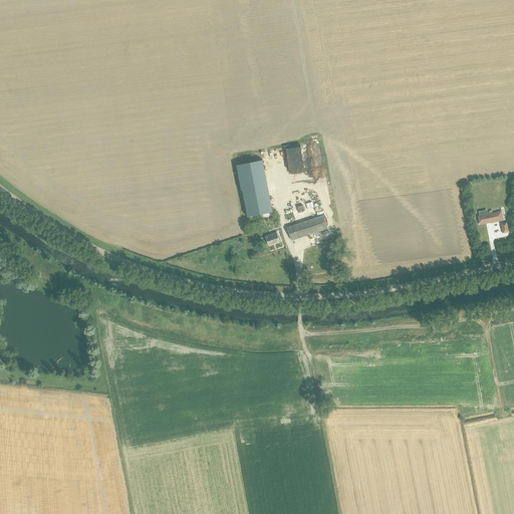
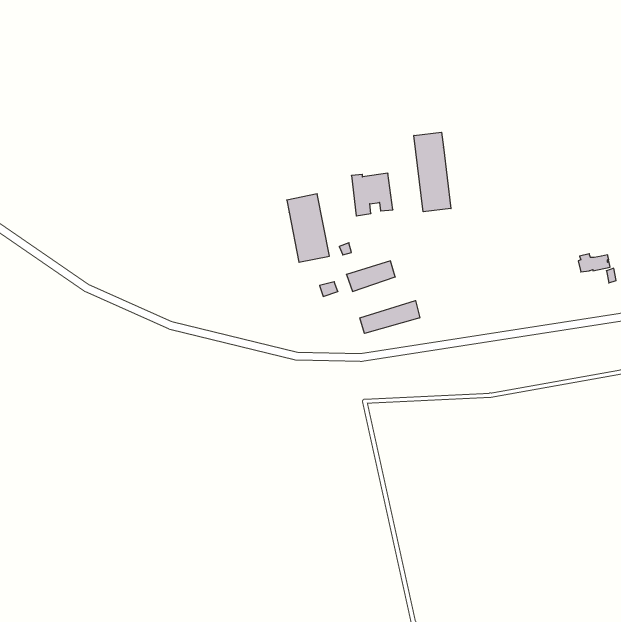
building: none -> [414,132,451,212]
building: none -> [360,301,420,333]

